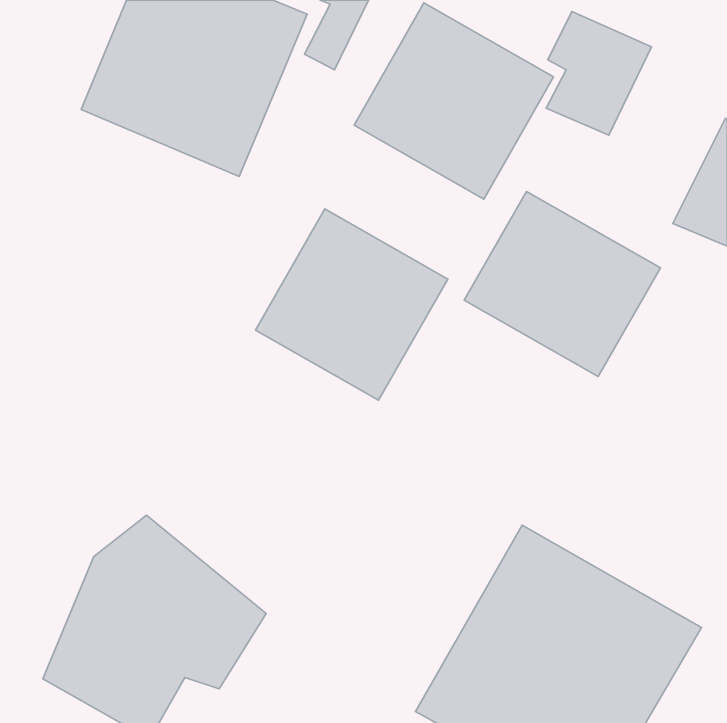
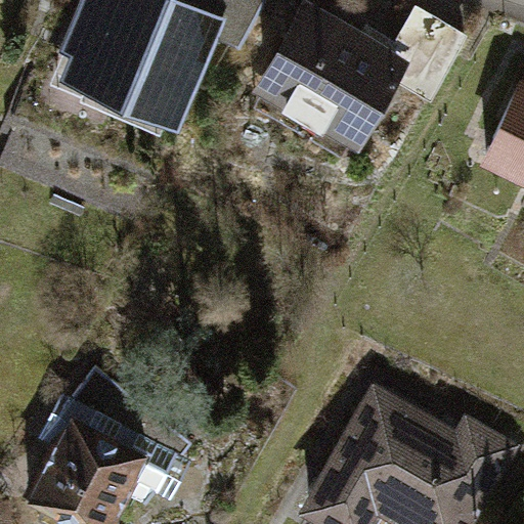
building: [464,191,660,377] -> none
building: [256,209,448,400] -> none

